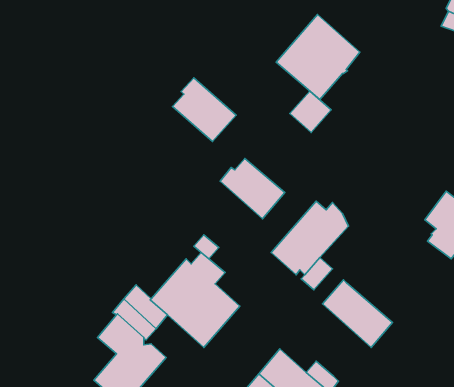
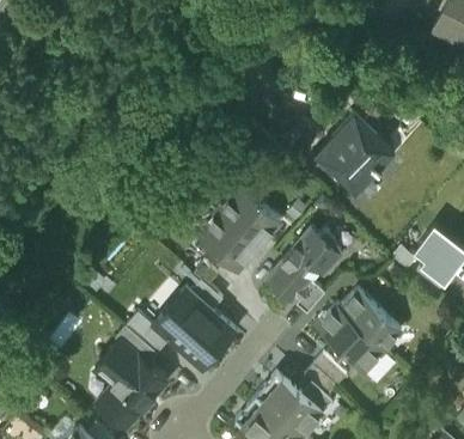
building: [276,15,360,100] -> [315,117,395,199]
building: [172,78,236,142] -> [199,212,260,273]
building: none -> [340,288,402,347]
building: none -> [304,356,347,398]

